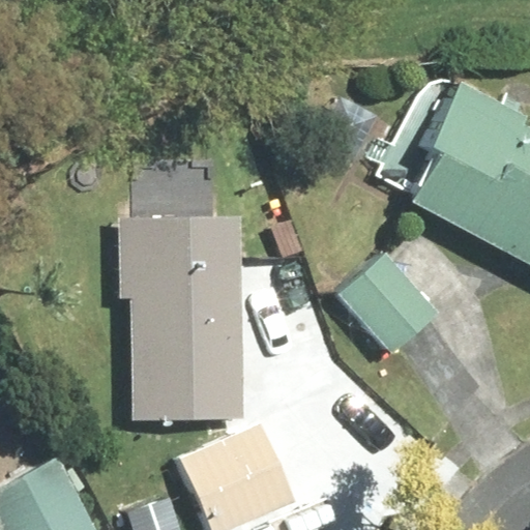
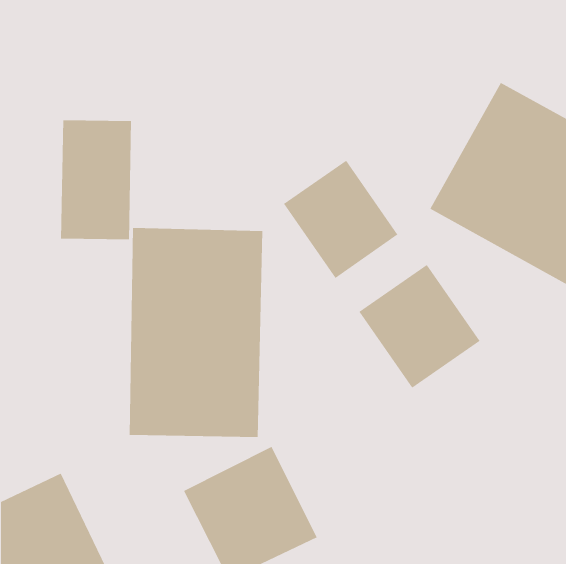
building: none -> [61,119,131,240]
building: none -> [283,160,398,279]

